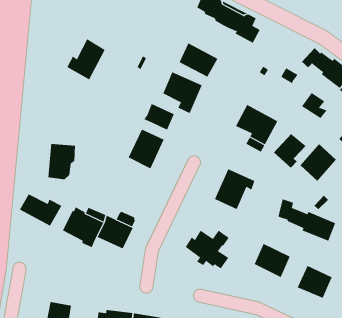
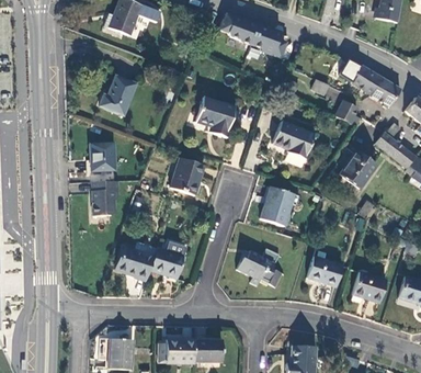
building: [179,42,218,78] -> none
building: [143,103,175,131] -> none
building: none -> [90,142,115,170]
building: [273,133,306,168] -> none
building: [19,194,62,227] -> none
building: [278,198,336,241] -> none

